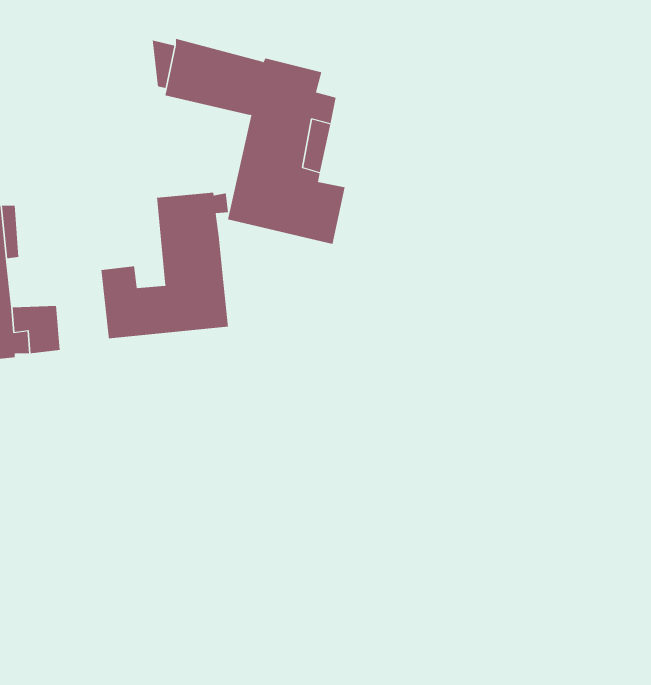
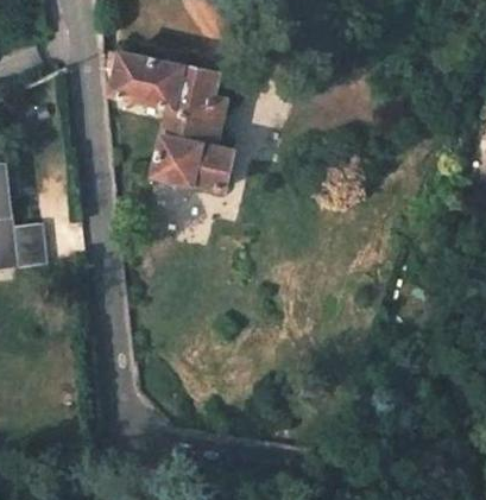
building: [101,192,229,339] -> none

